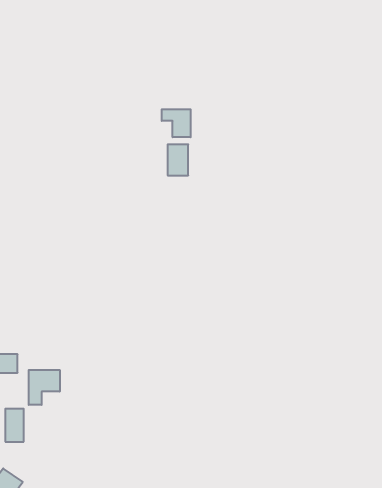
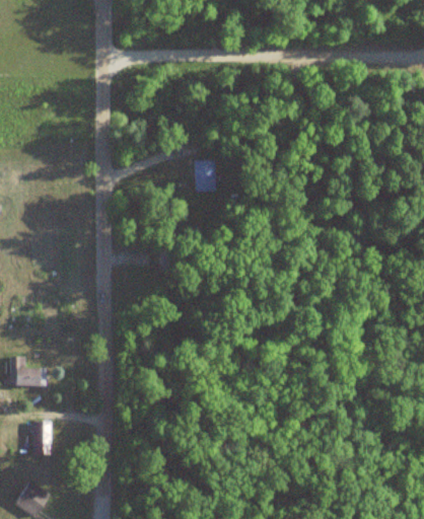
building: [162,109,191,137] -> none
building: [29,370,60,405] -> none

